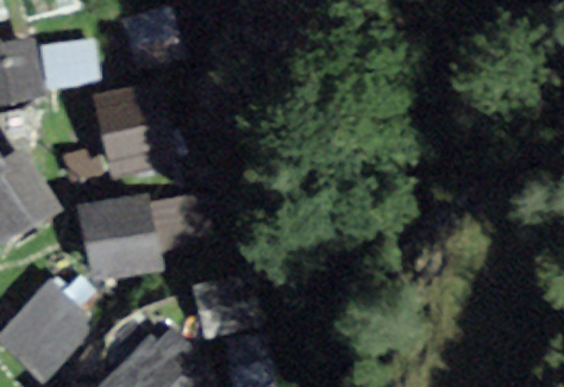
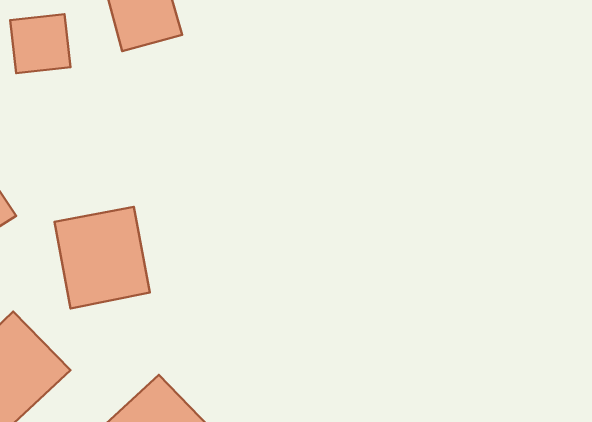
building: [93,89,171,168] -> none

